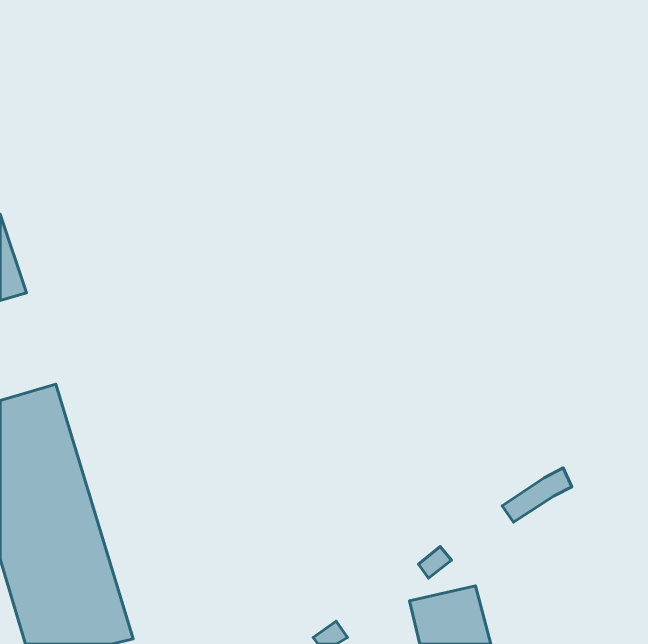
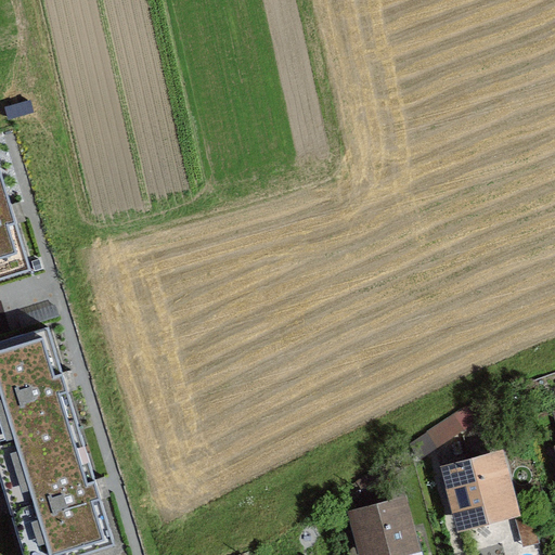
building: none -> [444,454,516,527]

